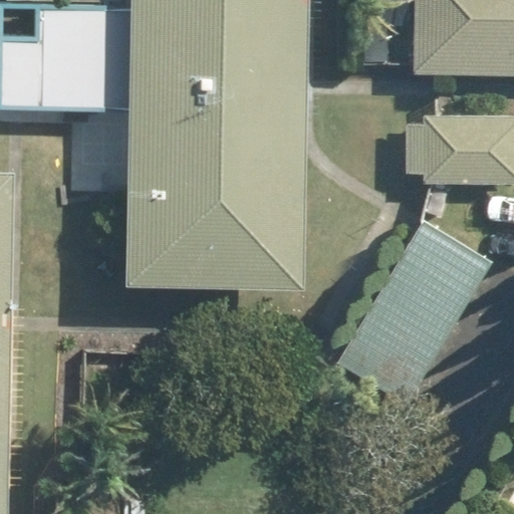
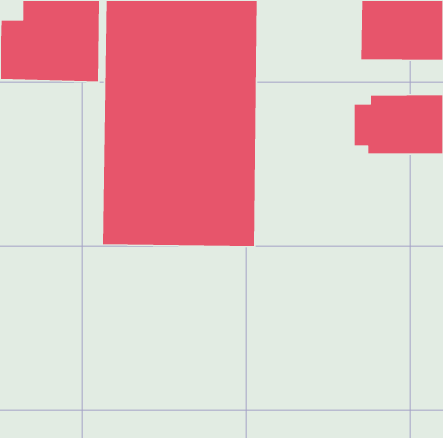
building: [341,219,496,405] -> none

